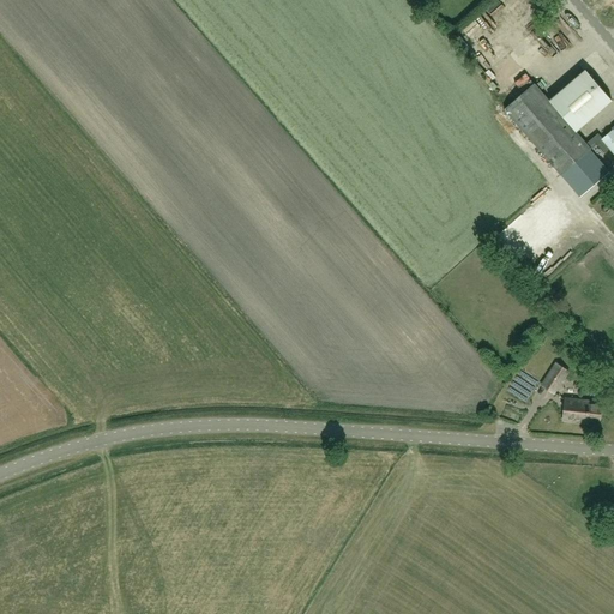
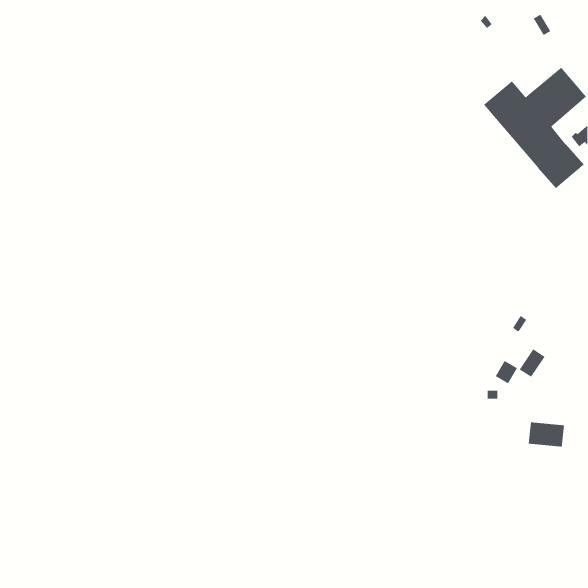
building: [562,398,601,425] -> [528,422,565,447]

